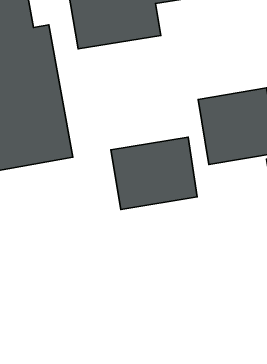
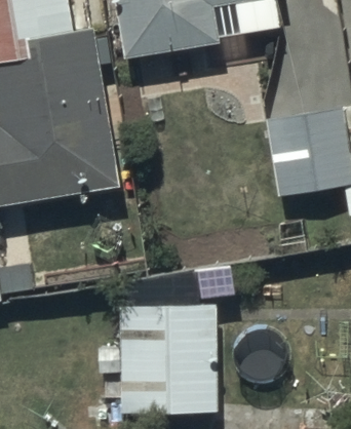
building: [111,137,197,209] -> none
building: none -> [120,306,212,415]

